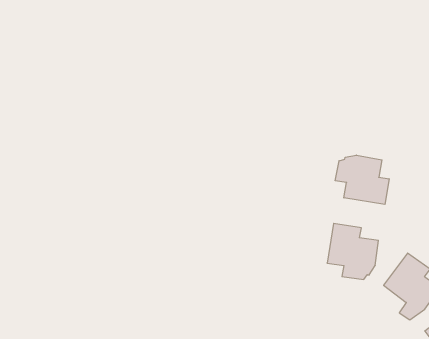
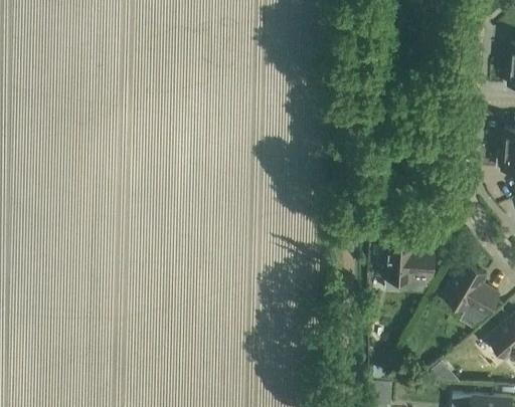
building: [335,155,389,204] -> none

